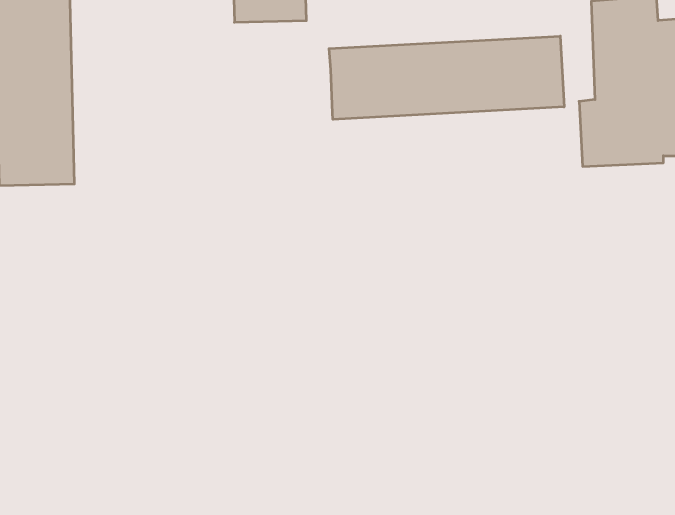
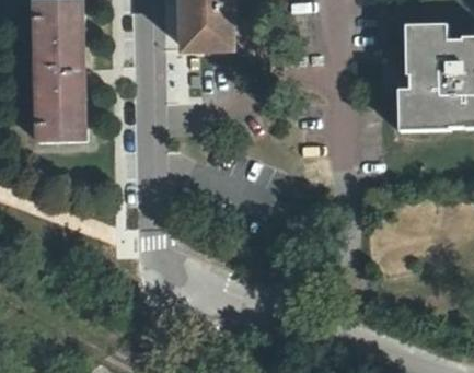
building: [329,36,564,119] -> none

